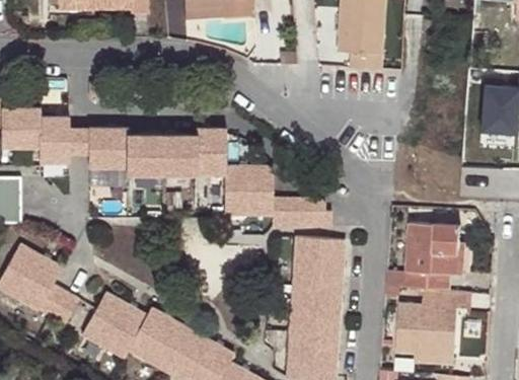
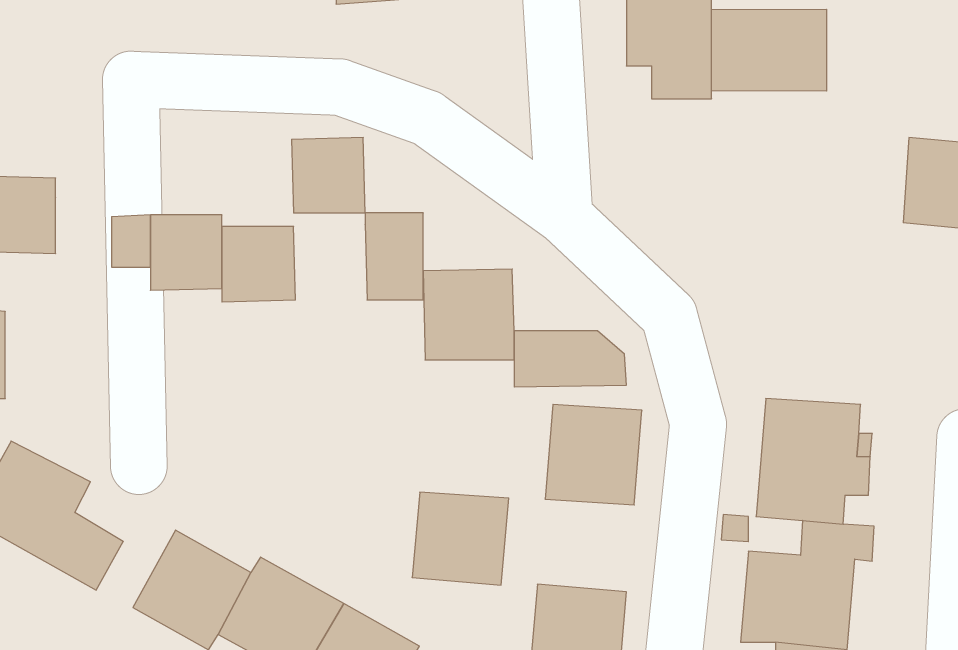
building: none -> [712,9,827,91]
building: [39,120,68,163] -> none
building: [163,134,202,173] -> [292,138,365,213]
building: [291,278,342,326] -> [412,492,509,585]

